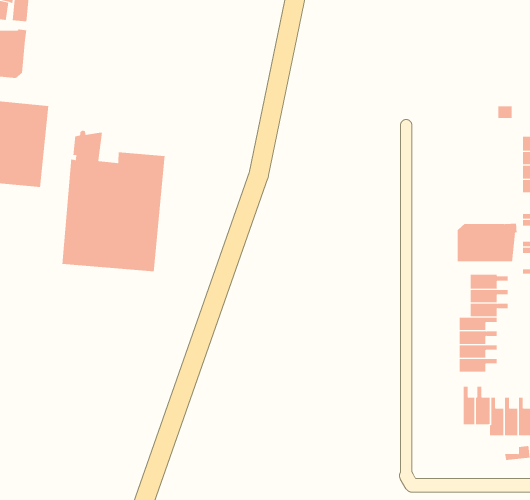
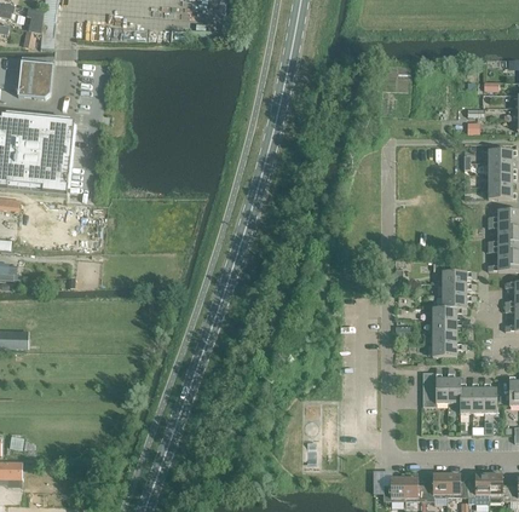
building: [62,130,165,272] -> none
building: [457,223,517,262] -> none

